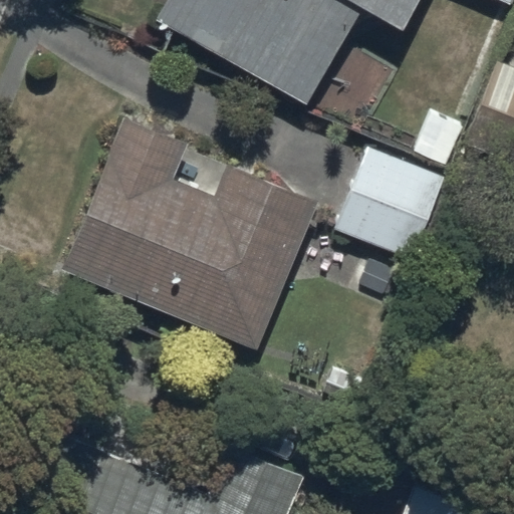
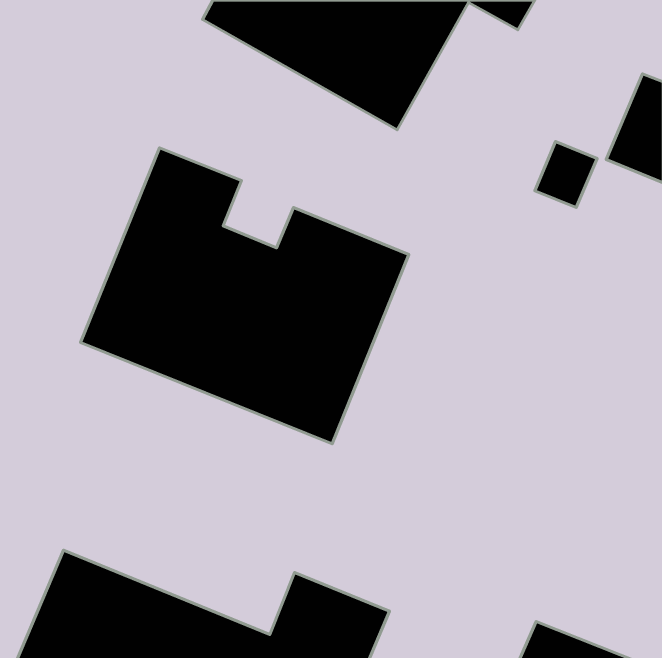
building: [336,148,450,261] -> none

